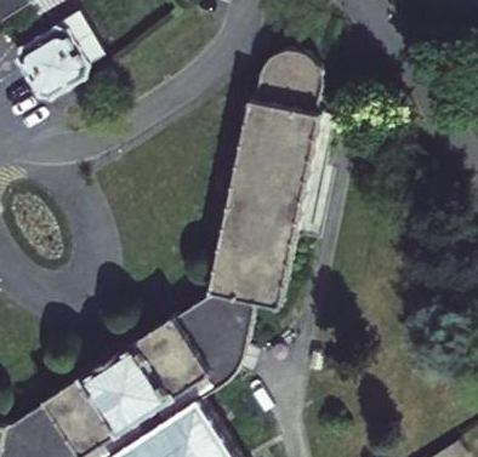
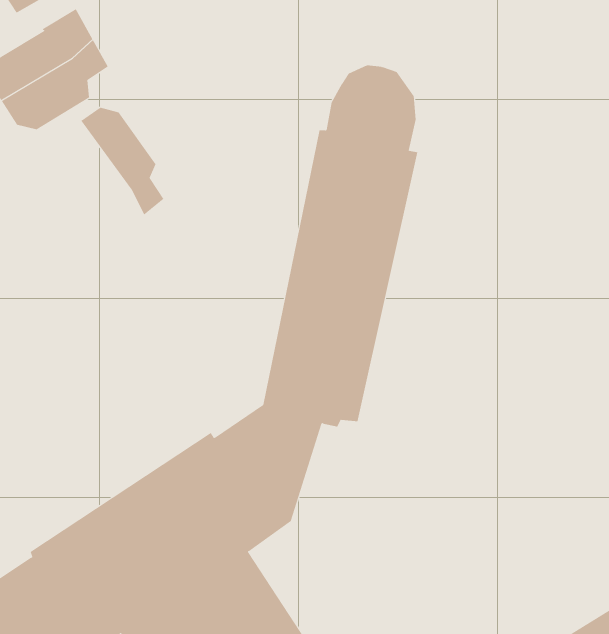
building: none -> [81,107,164,215]

